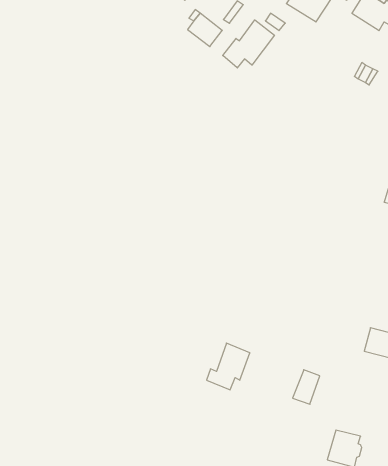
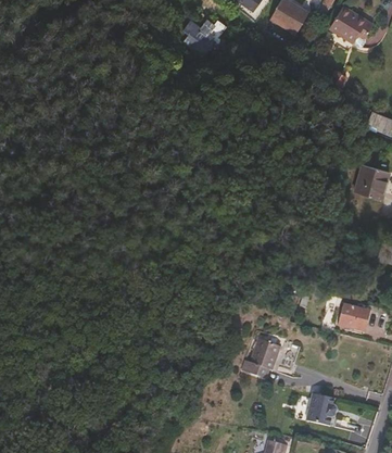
building: [223,20,274,68] -> none
building: [207,343,250,390] -> [242,337,280,378]

